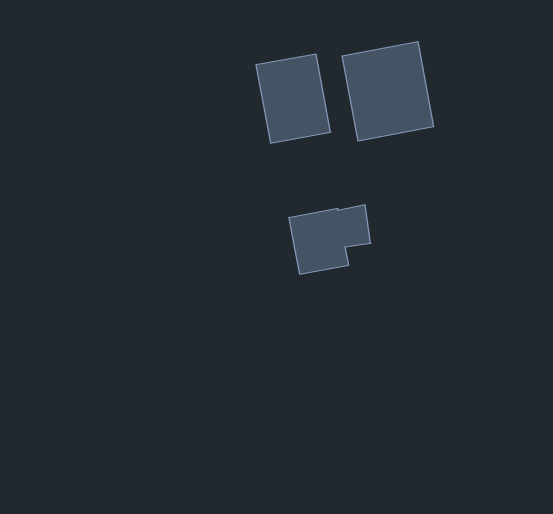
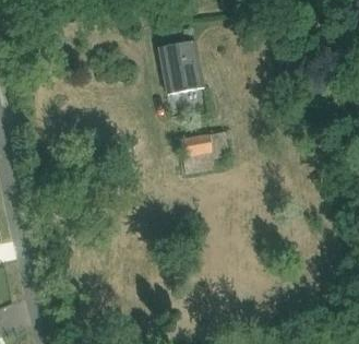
building: [342,42,434,141] -> none

